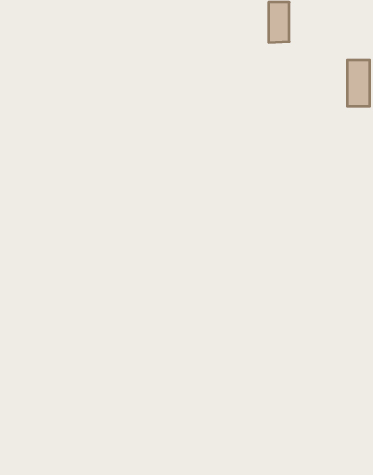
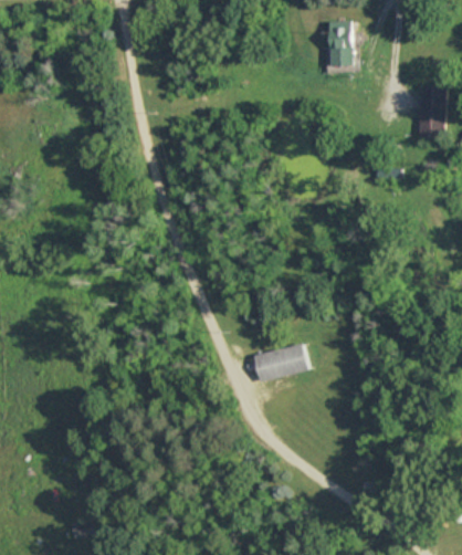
building: none -> [253,344,307,380]

